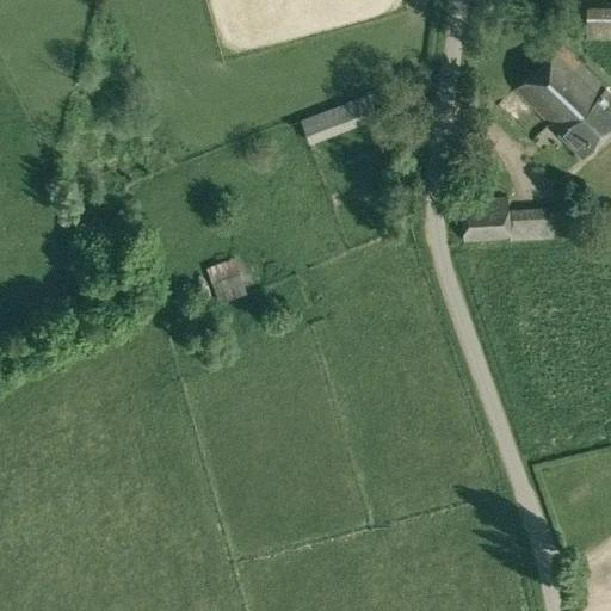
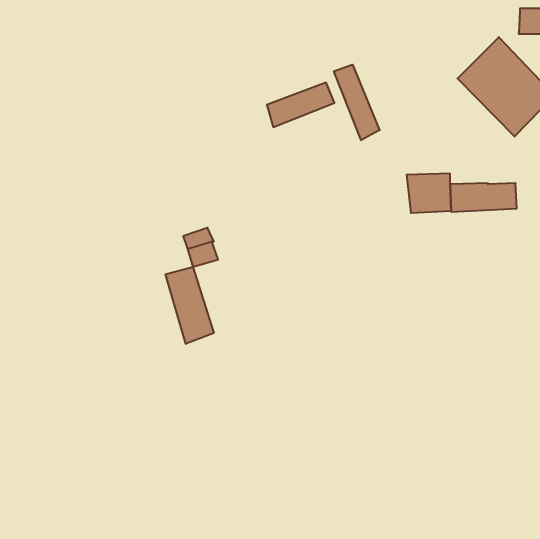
building: none -> [334,65,380,140]
building: none -> [166,267,214,344]

